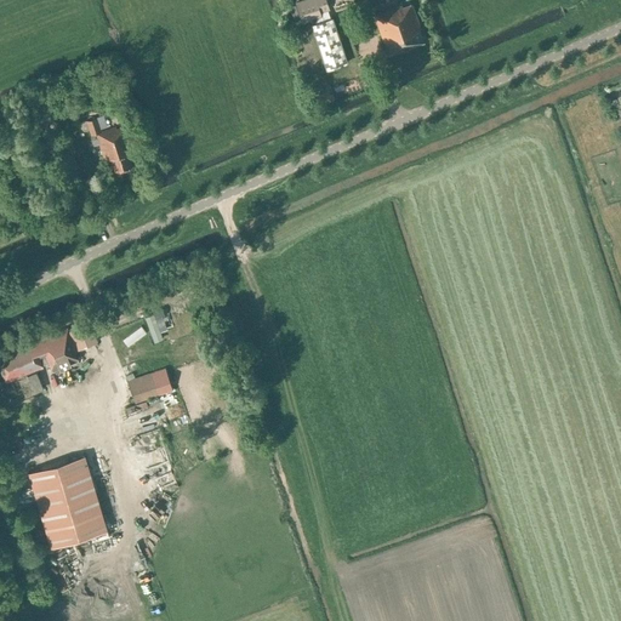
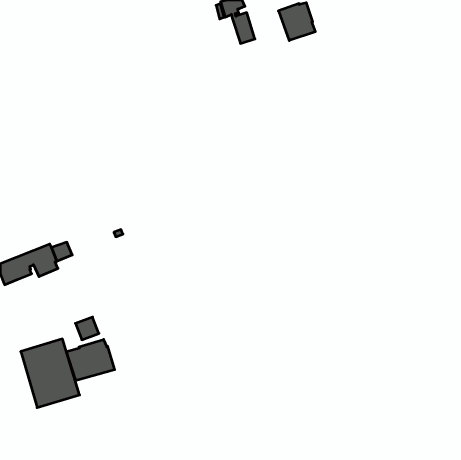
building: [87,119,135,173] -> none
building: [127,375,159,405] -> [75,317,99,340]
building: none -> [66,339,115,381]

